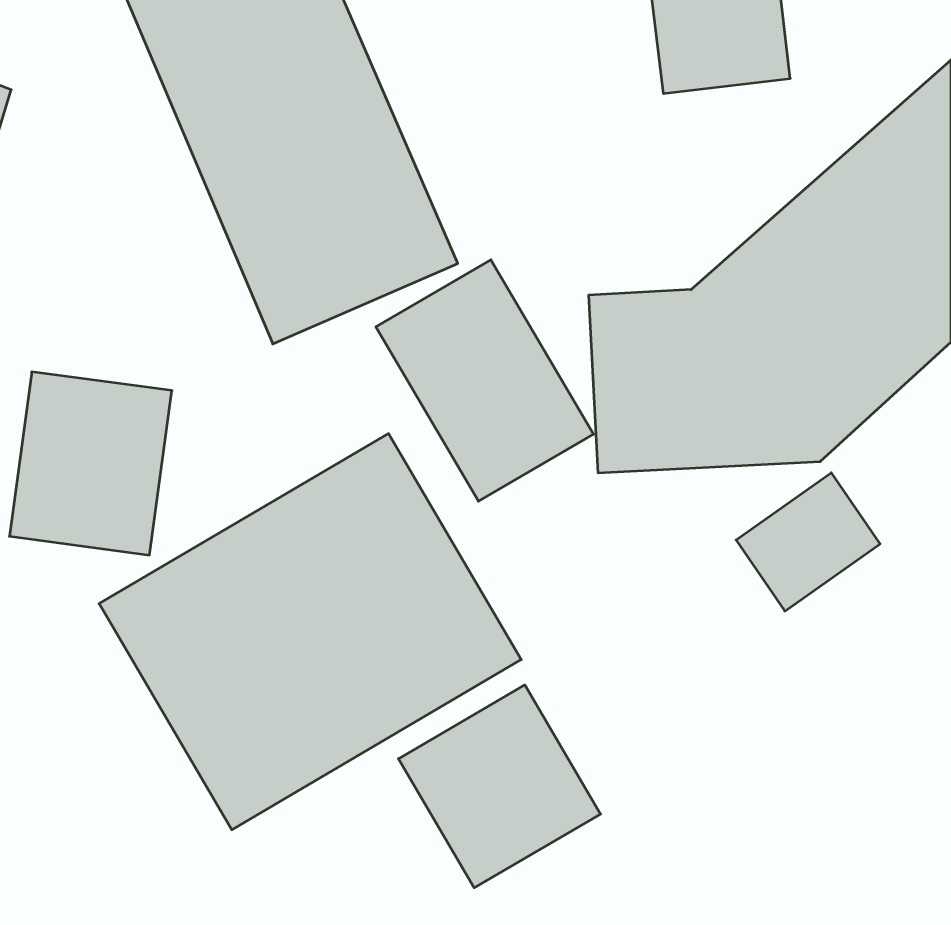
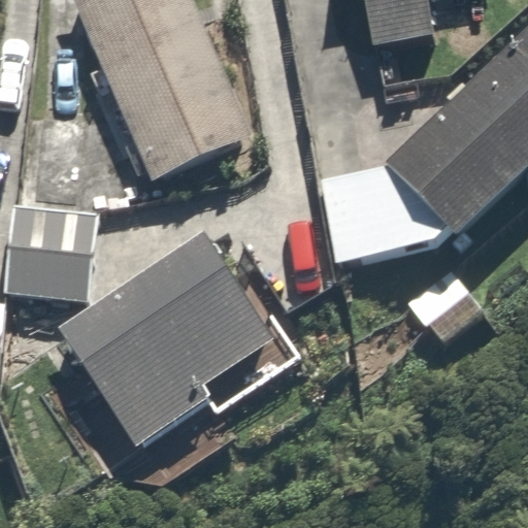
building: [376,260,593,501] -> none
building: [398,685,601,888] -> none

